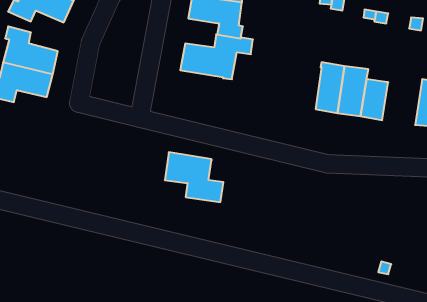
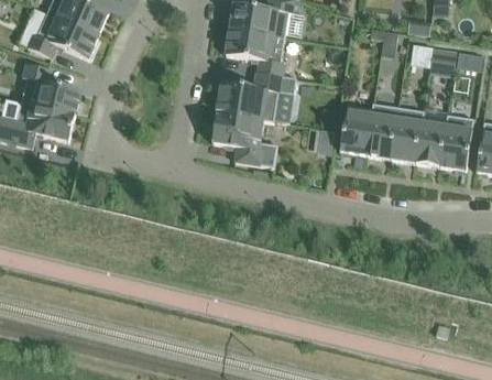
building: none -> [339,105,372,155]
building: none -> [439,116,473,171]
building: [165,152,223,202] -> [211,112,276,167]

